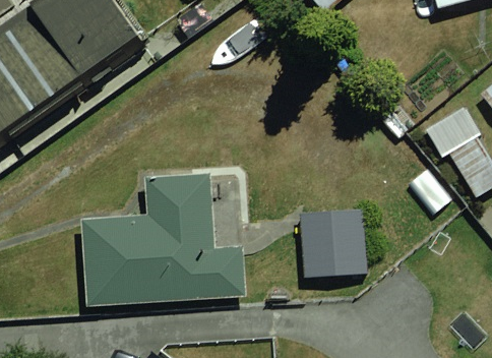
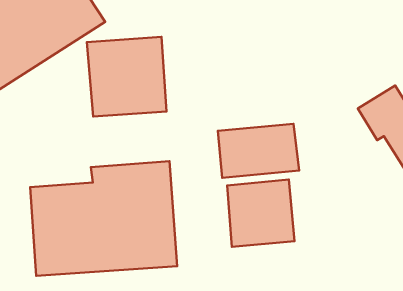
building: none -> [87,37,166,117]
building: none -> [218,124,299,178]

